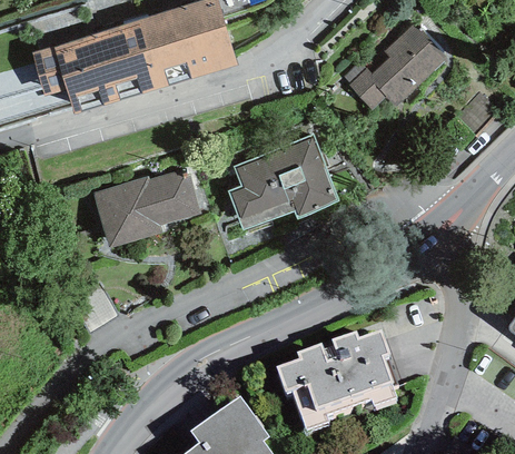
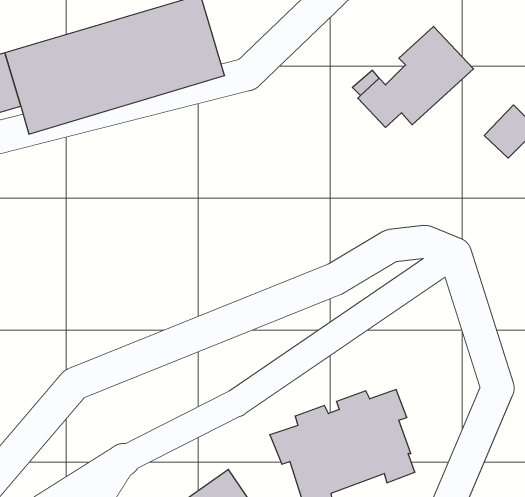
building: [227,136,338,230] -> none
building: [92,168,199,247] -> none

